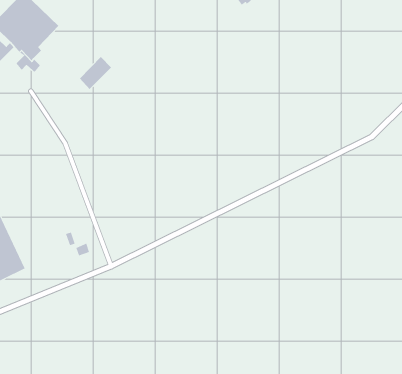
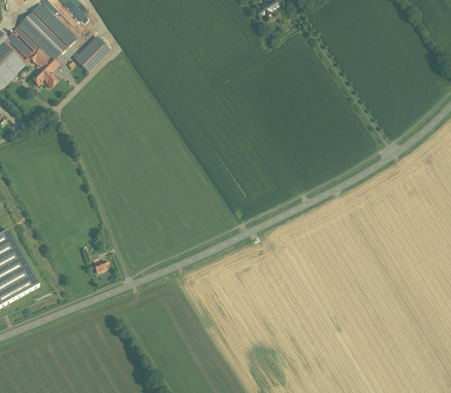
building: [79,56,112,90] -> [77,38,110,72]

